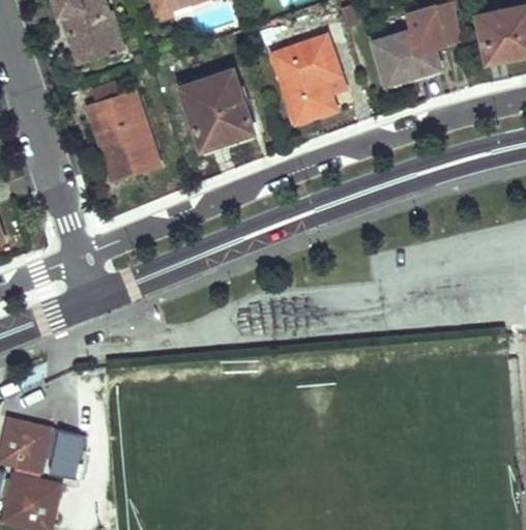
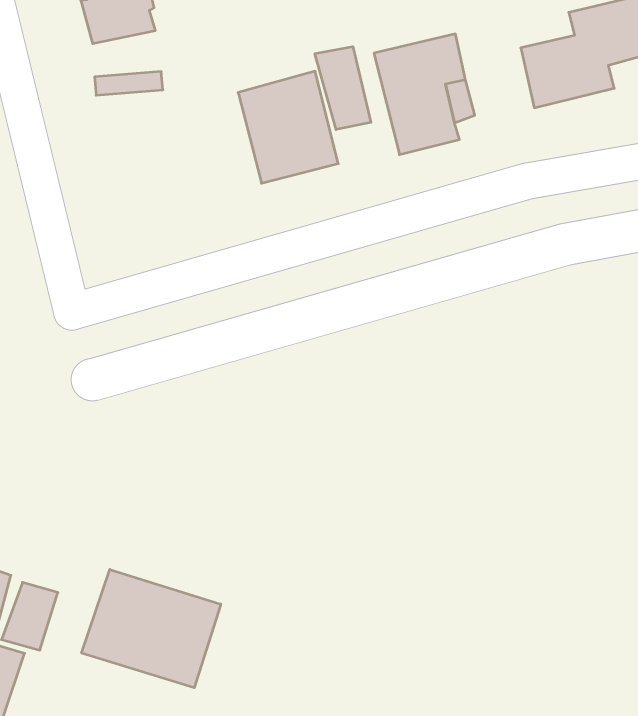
building: none -> [315,47,371,130]
building: [88,91,156,180] -> none
building: none -> [82,569,221,688]

